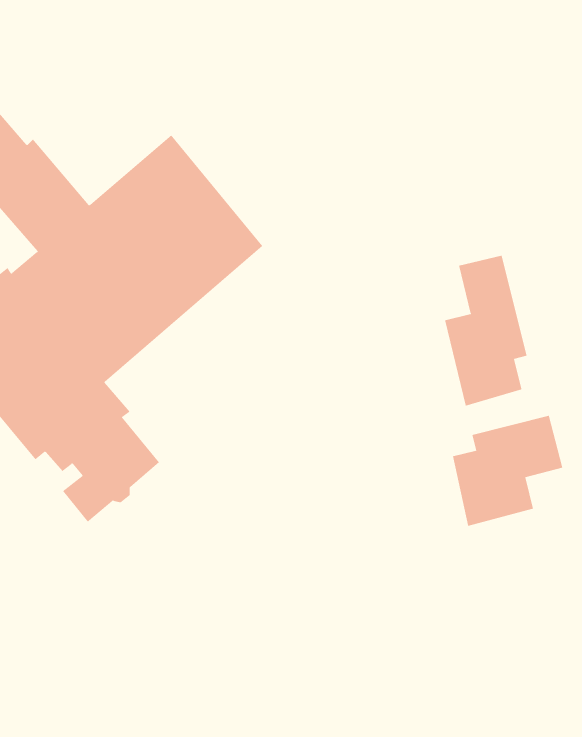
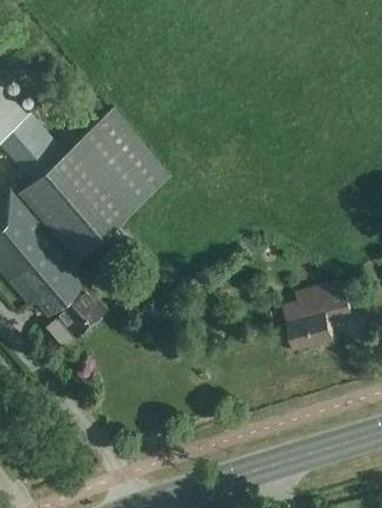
building: [445,255,527,407] -> none

